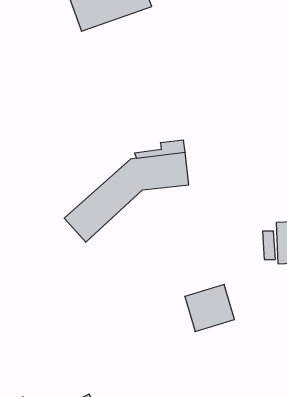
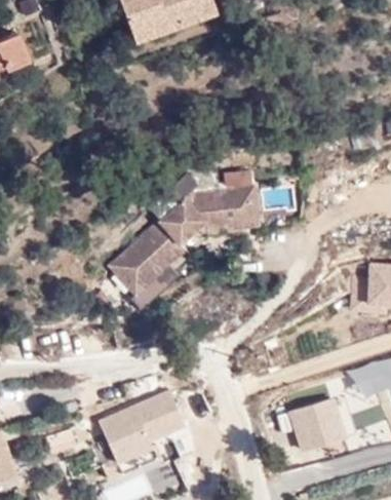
building: [185,284,234,332] -> [287,398,347,455]
building: none -> [95,392,187,471]

